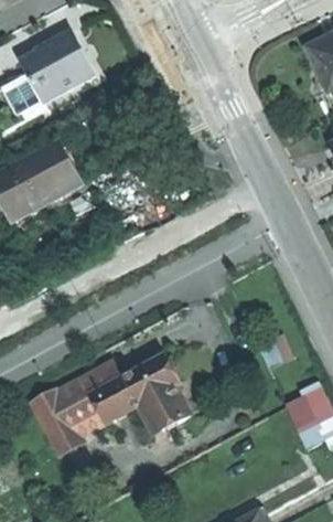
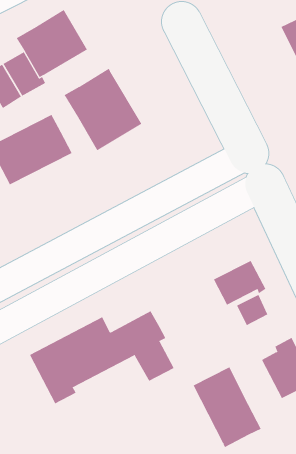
building: none -> [64,68,142,151]
building: none -> [213,260,266,306]
building: none -> [193,366,261,448]

